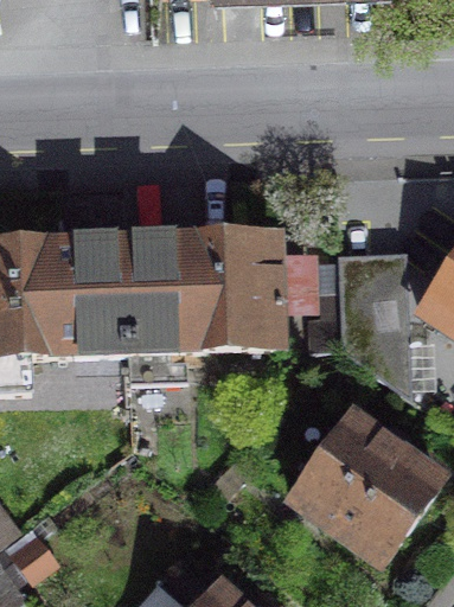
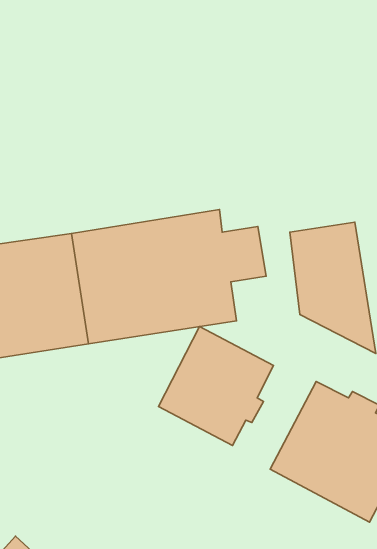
building: none -> [158,327,274,445]

